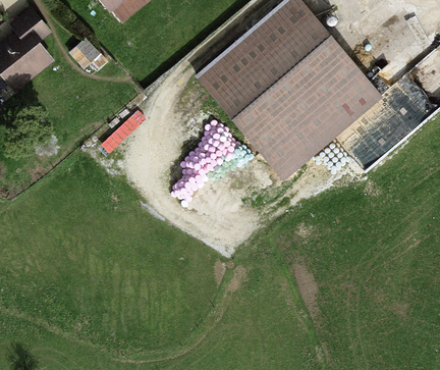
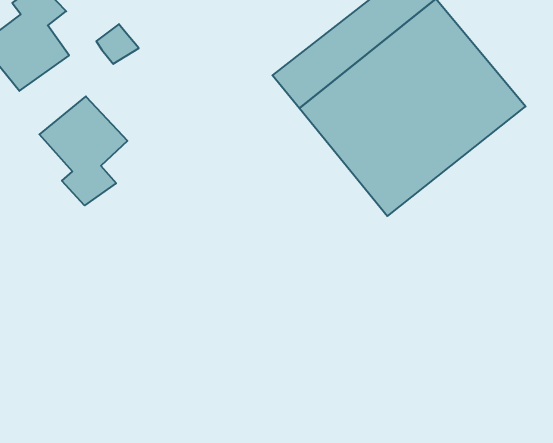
building: none -> [39,96,127,205]

